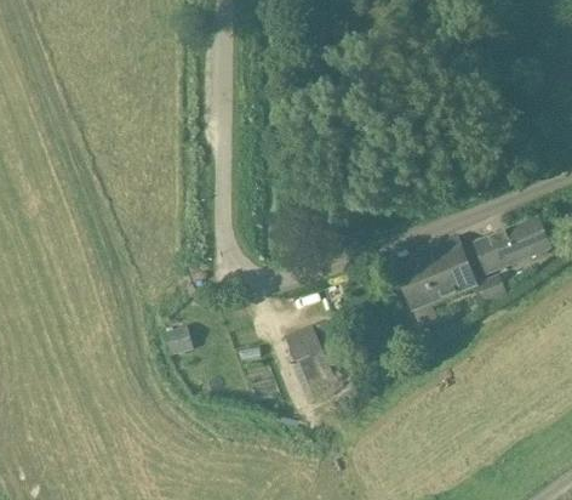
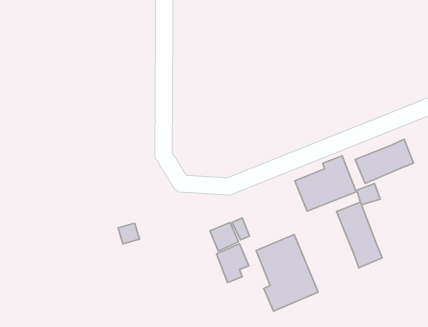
building: none -> [337,202,382,268]
building: none -> [256,235,318,311]

